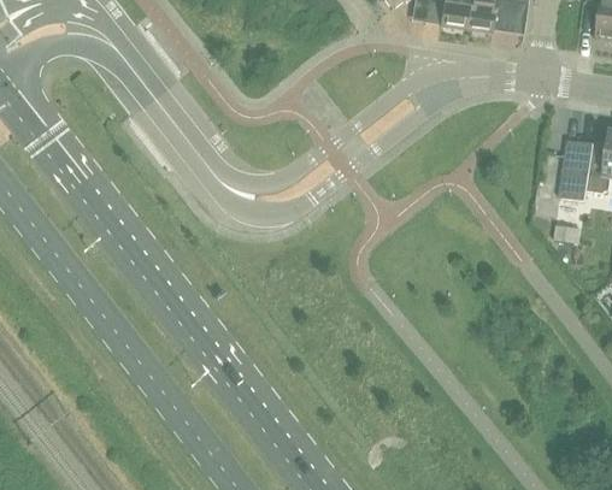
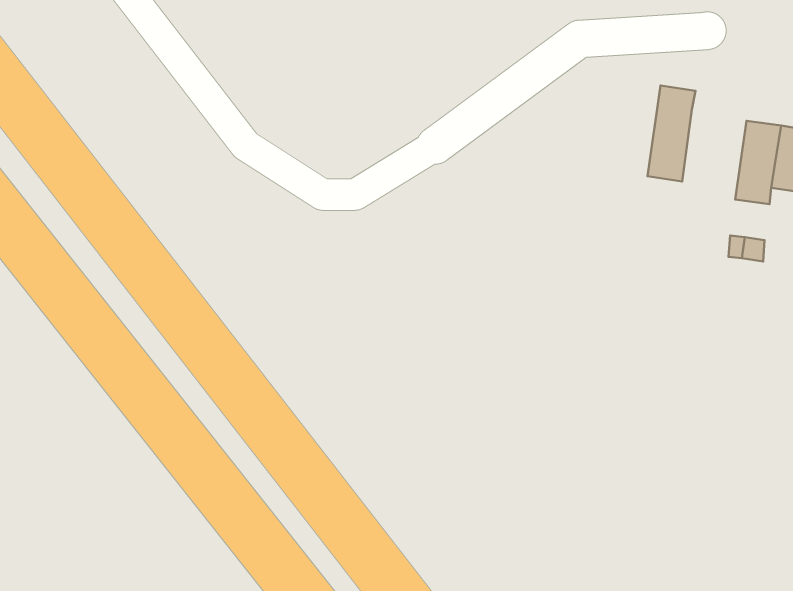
building: none -> [647,86,695,181]

